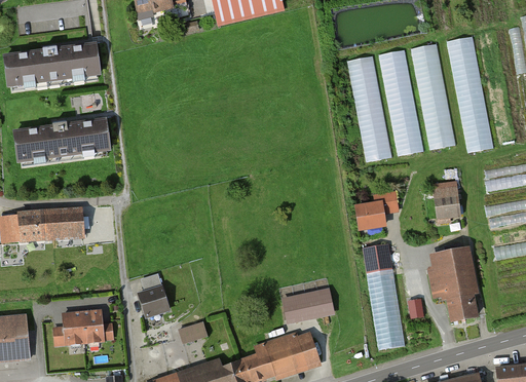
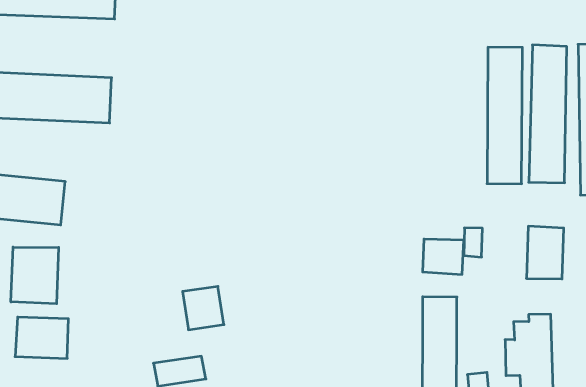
building: [346,55,390,161] -> none
building: none -> [11,247,59,304]
building: [137,283,172,319] -> [183,286,224,330]
building: [280,288,334,323] -> none

